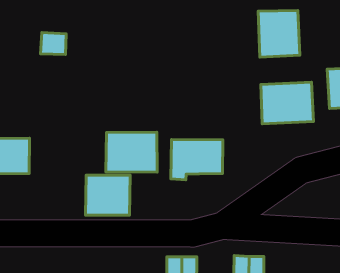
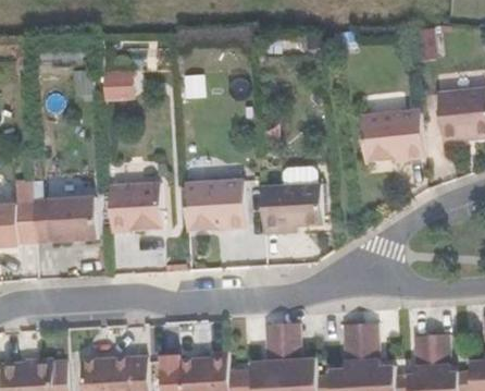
building: [258,10,300,57] -> none
building: [86,175,130,215] -> [108,182,161,232]

